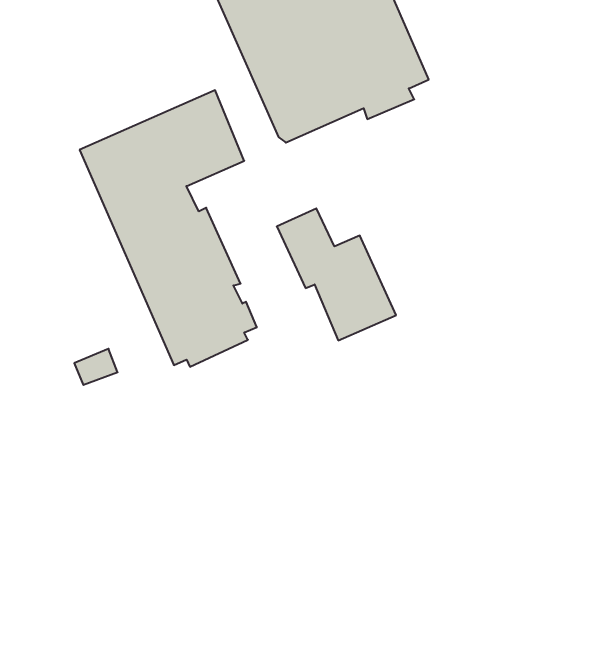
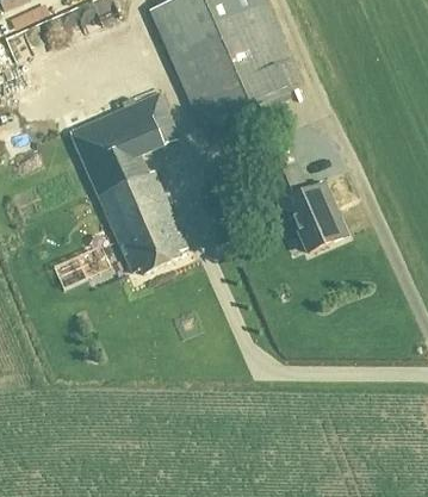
building: [277,208,396,340] -> [267,162,346,249]

